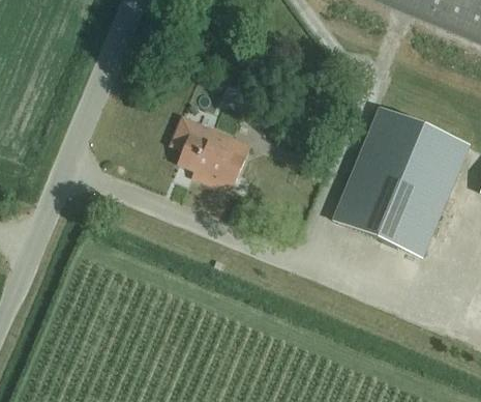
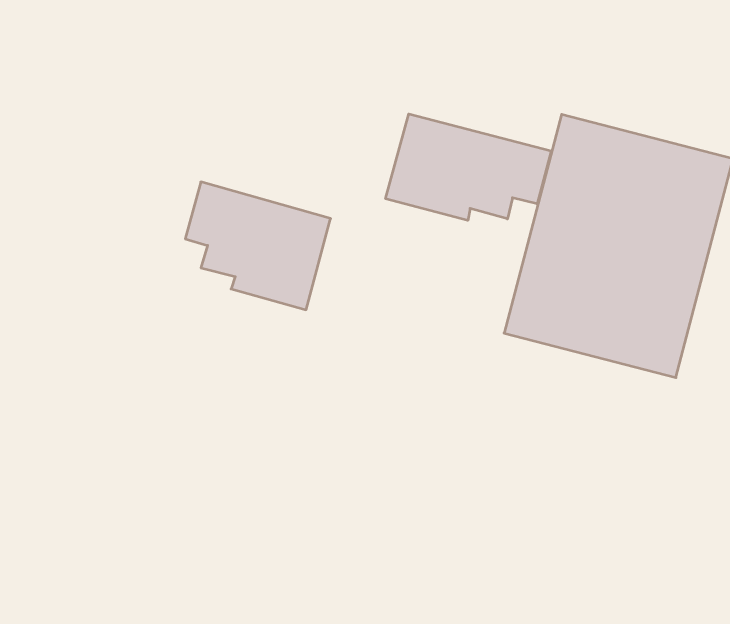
building: none -> [386,114,551,220]

